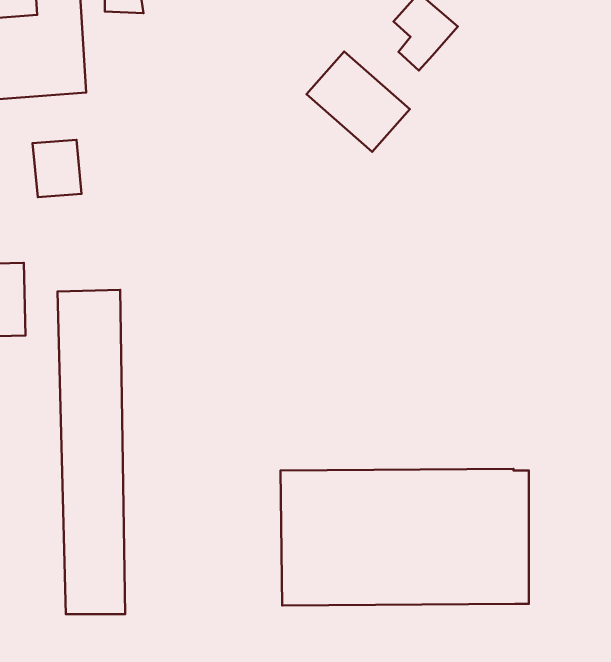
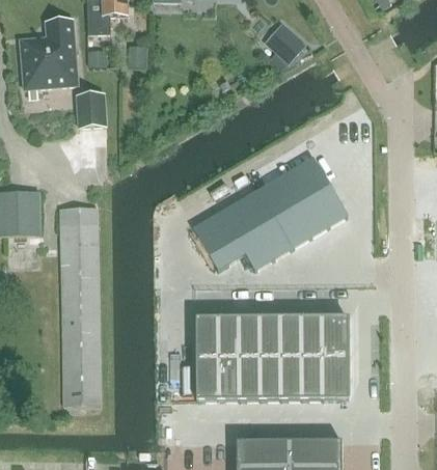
building: [307,51,410,152] -> none
building: [33,140,82,197] -> [76,92,106,128]
building: none -> [194,156,350,270]

